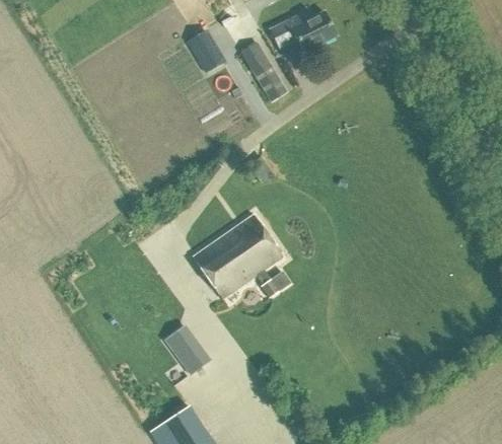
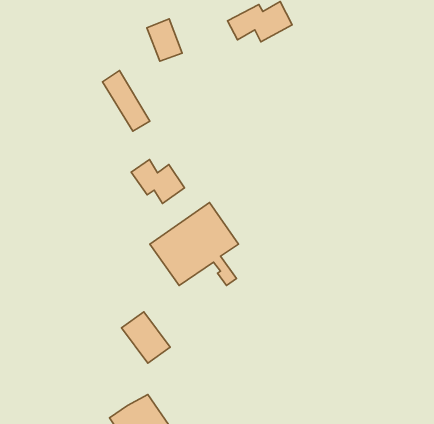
building: [240,43,288,103] -> [102,71,150,131]
building: none -> [131,159,185,203]

